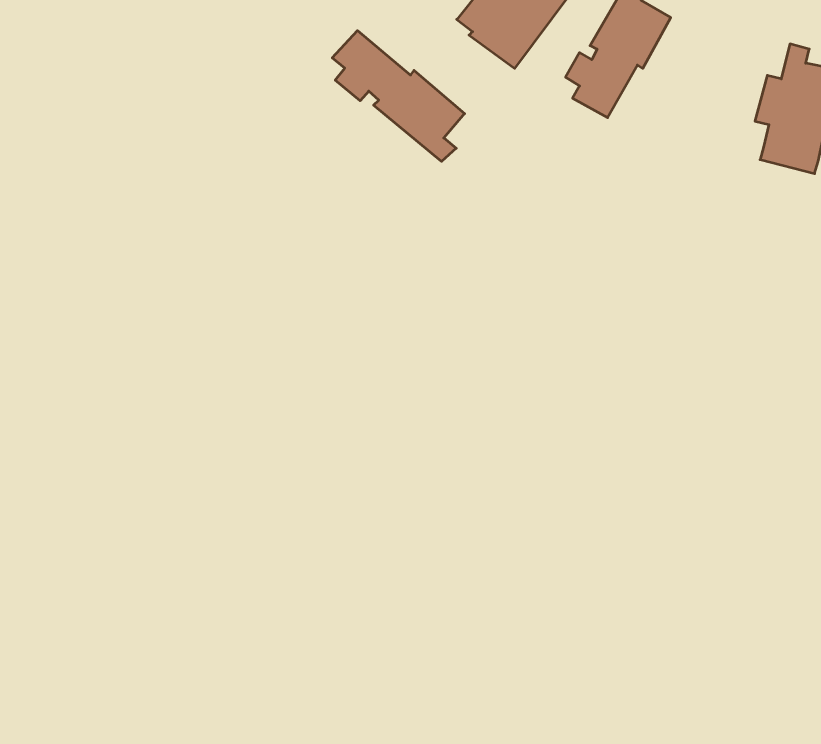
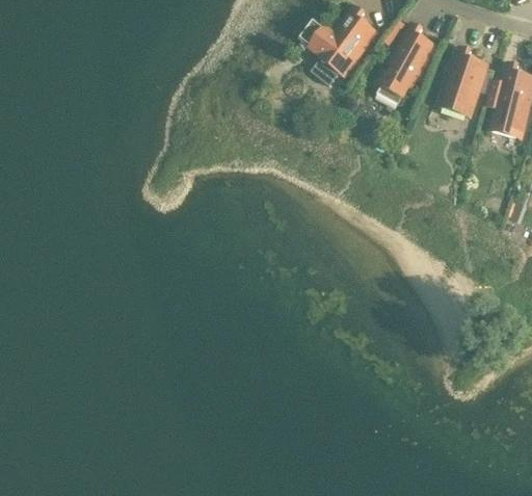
building: none -> [438,45,487,116]
building: [332,31,465,161] -> none

